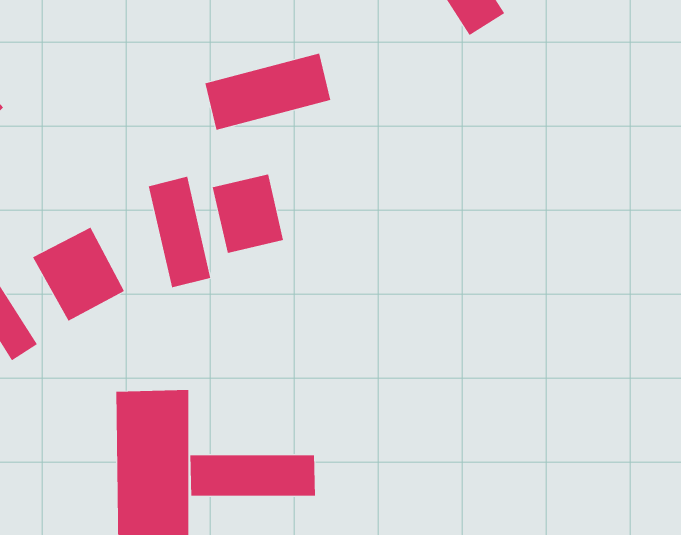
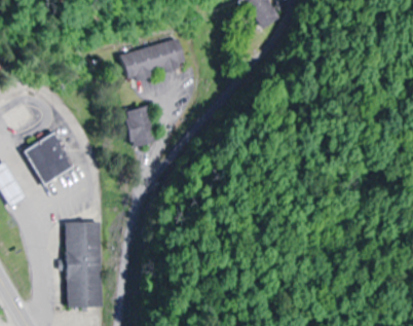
building: [148,176,211,288] -> none
building: [190,455,316,497] -> none

